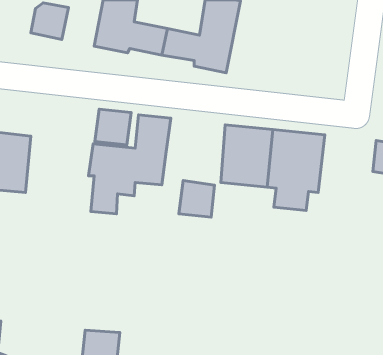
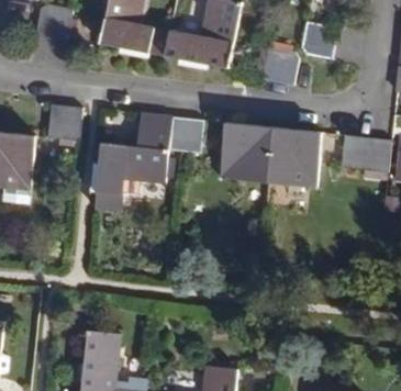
building: none -> [299,21,337,58]
building: none -> [261,46,297,85]
building: [95,109,131,145] -> [46,104,82,139]
building: none -> [342,137,376,170]
building: [179,181,214,217] -> [168,118,203,154]

